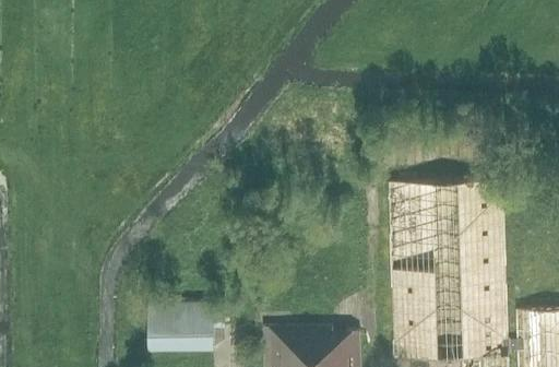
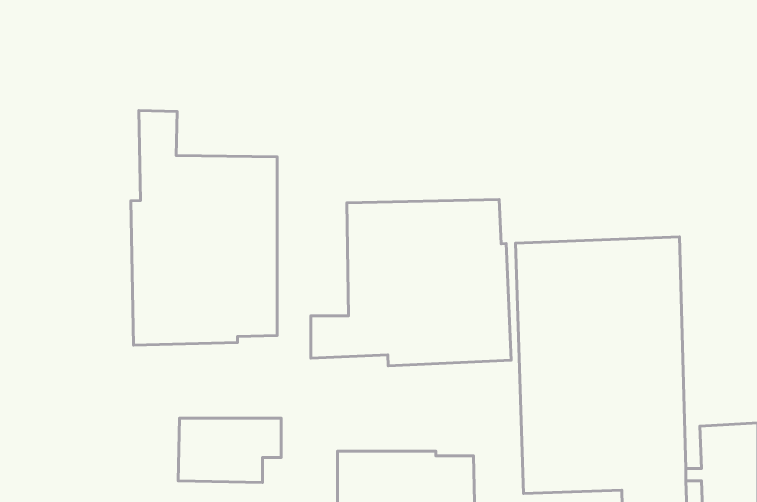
building: none -> [131,110,277,345]
building: none -> [311,200,511,366]

